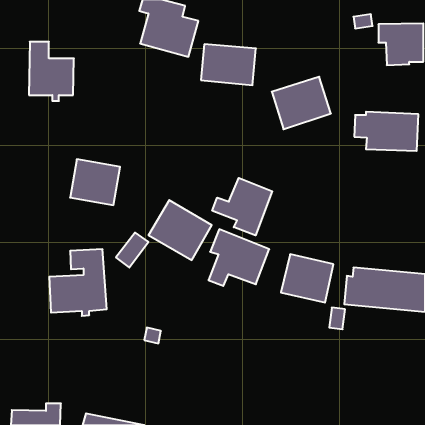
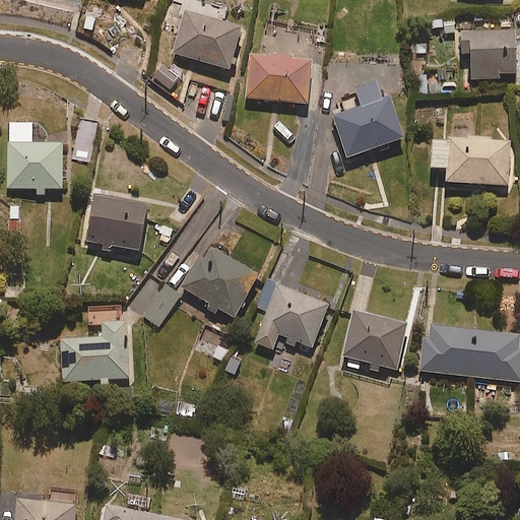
building: [29,42,74,101] -> [7,123,62,195]
building: [212,178,272,235] -> none

